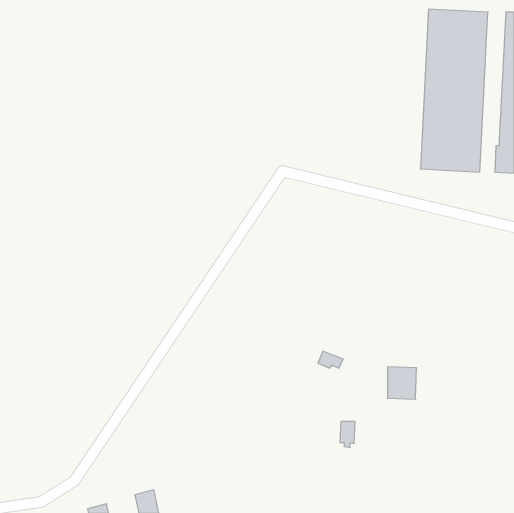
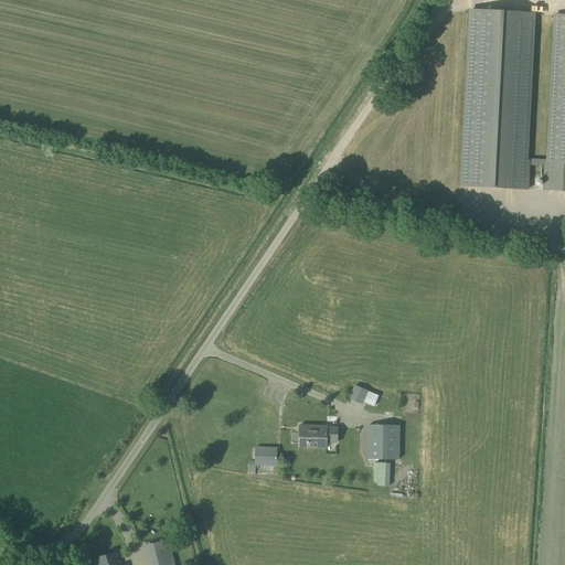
building: [387,367,417,399] -> [367,424,399,459]
building: none -> [298,425,335,447]
building: none -> [248,446,276,472]

